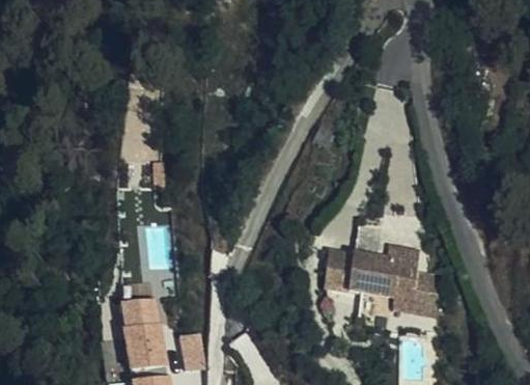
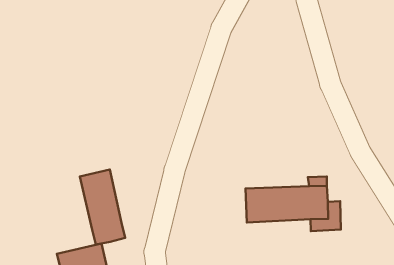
building: none -> [80,170,125,245]

